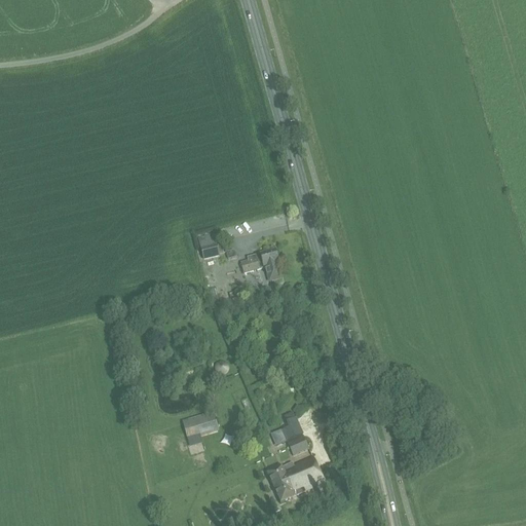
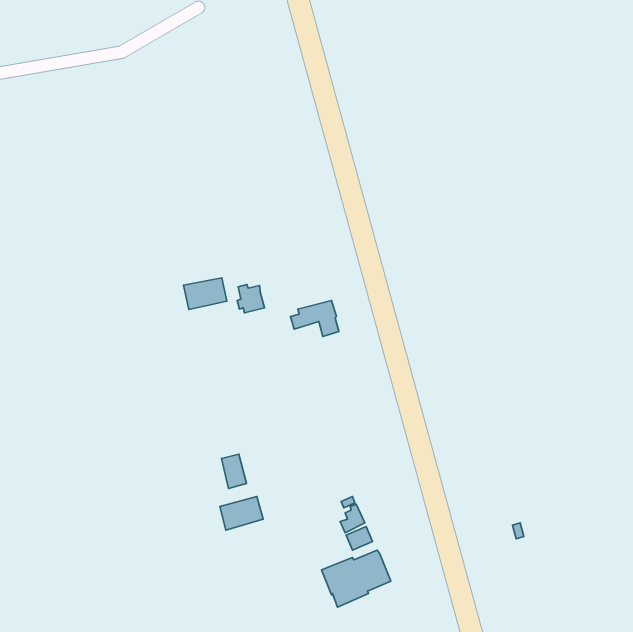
building: none -> [183,278,227,309]
building: none -> [221,454,247,488]

